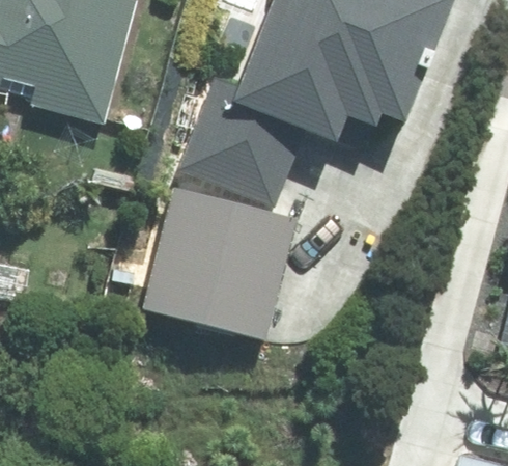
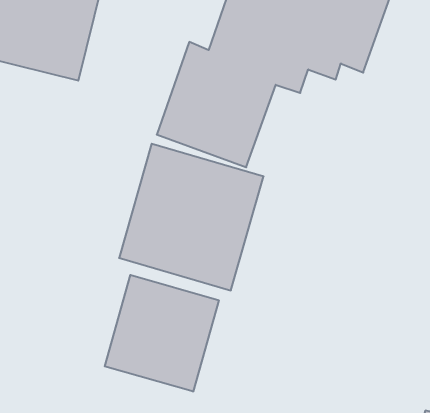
building: none -> [105,275,219,392]

